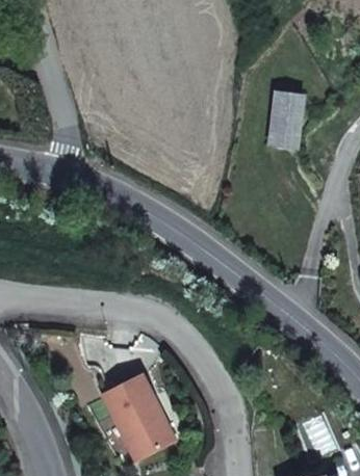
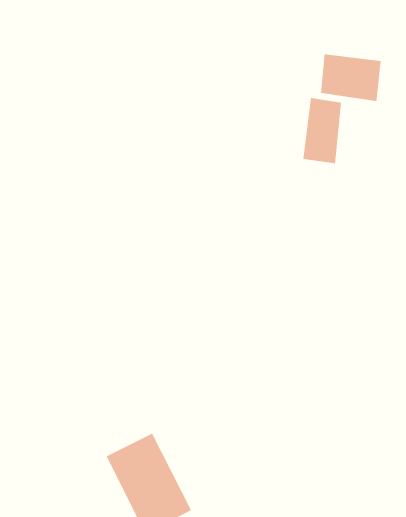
building: none -> [320,54,381,102]

